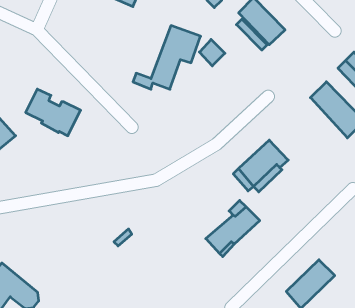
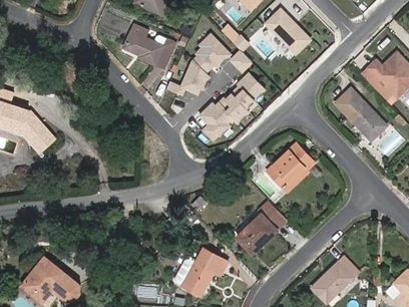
building: none -> [197,71,269,141]
building: [26,89,81,136] -> [122,25,174,69]
building: none -> [172,248,227,295]

